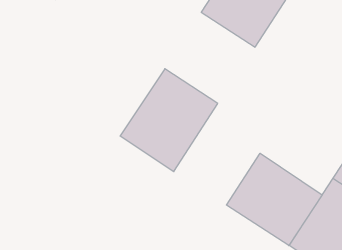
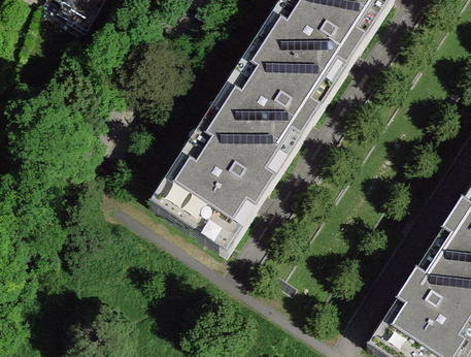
building: none -> [223,36,335,150]
building: [226,153,322,246] -> none

